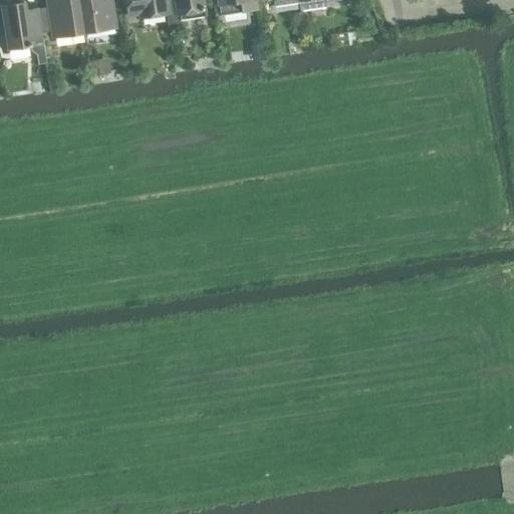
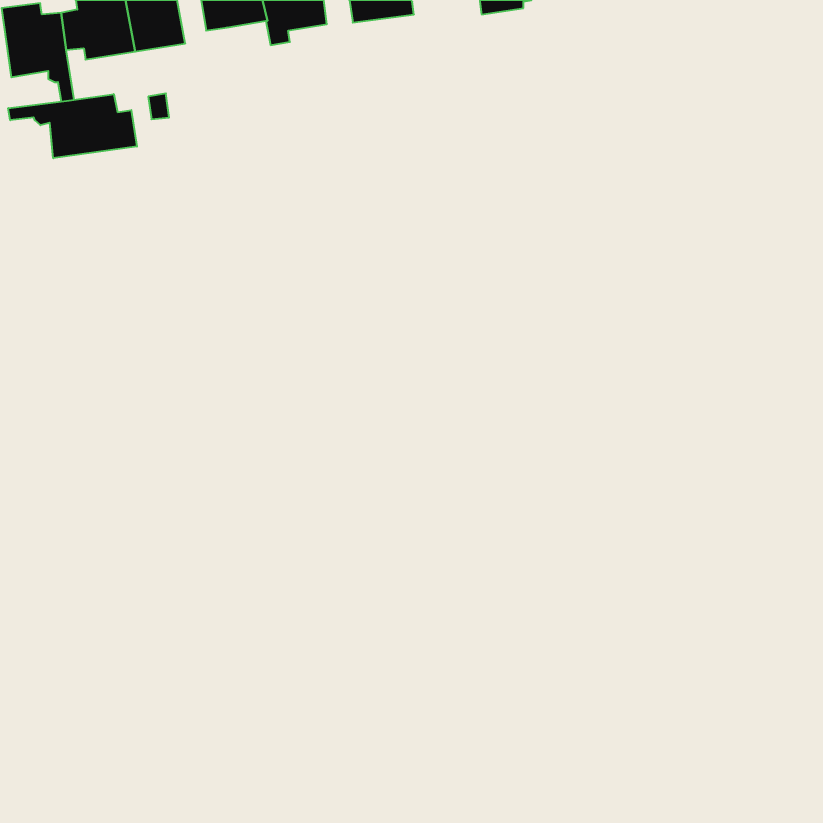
building: none -> [8,94,137,158]

